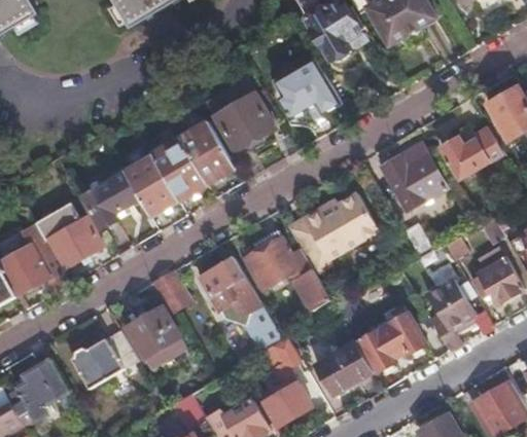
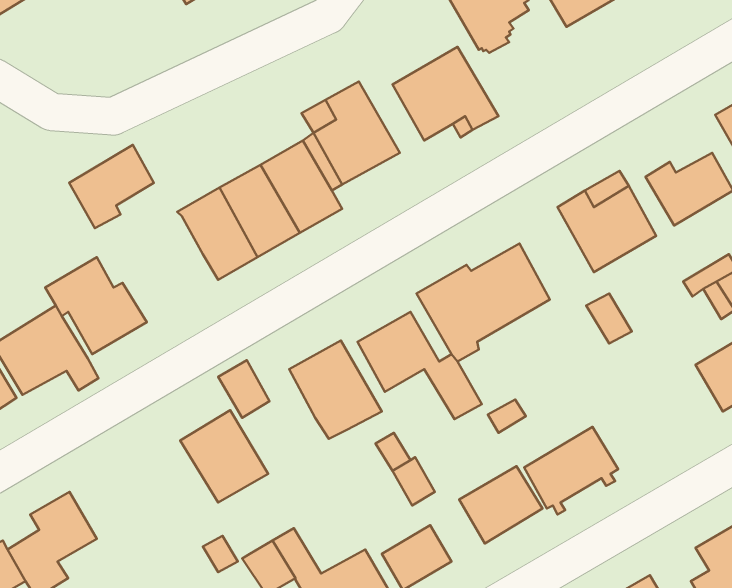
building: [83,173,141,229] -> [69,145,154,228]
building: [427,279,472,351] -> none
building: [71,328,138,389] -> none

